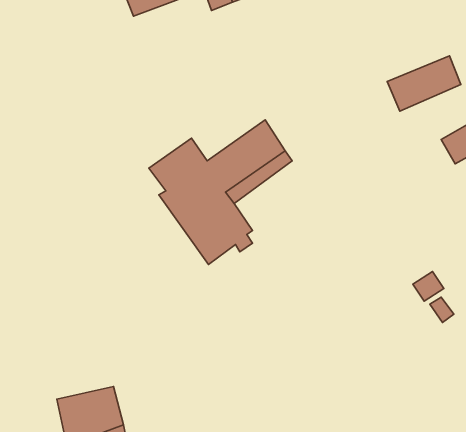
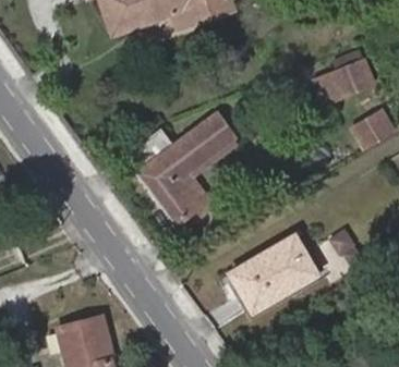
building: none -> [232,234,317,308]

